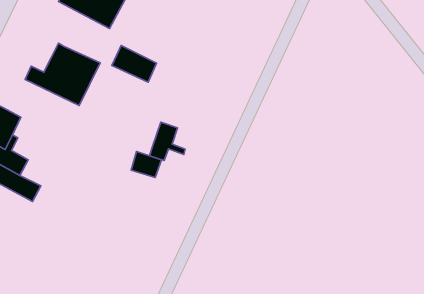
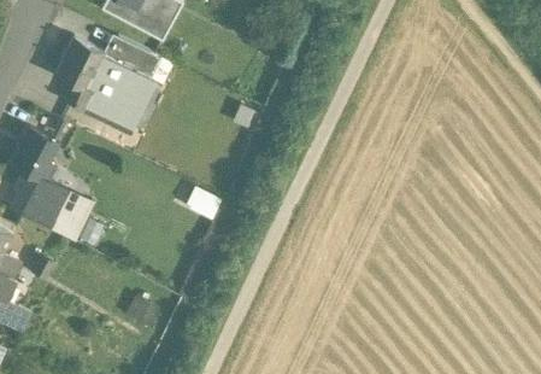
building: none -> [58,39,104,90]
building: [112,46,157,82] -> [108,37,160,80]
building: [150,122,185,161] -> none

